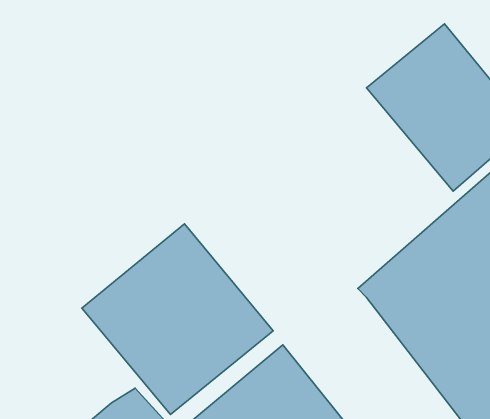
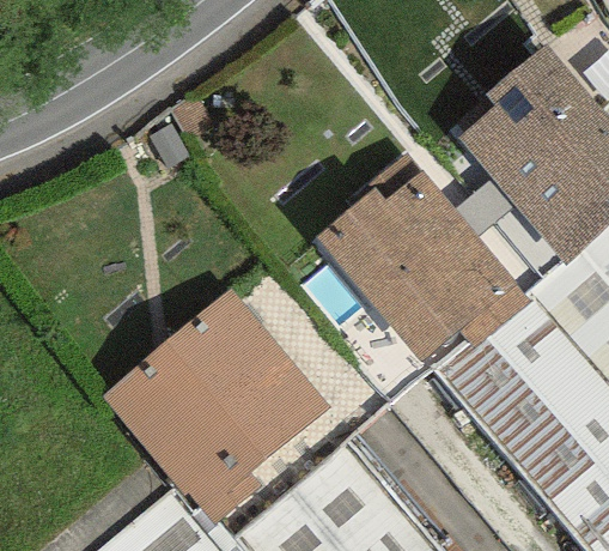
building: none -> [319,165,518,368]

